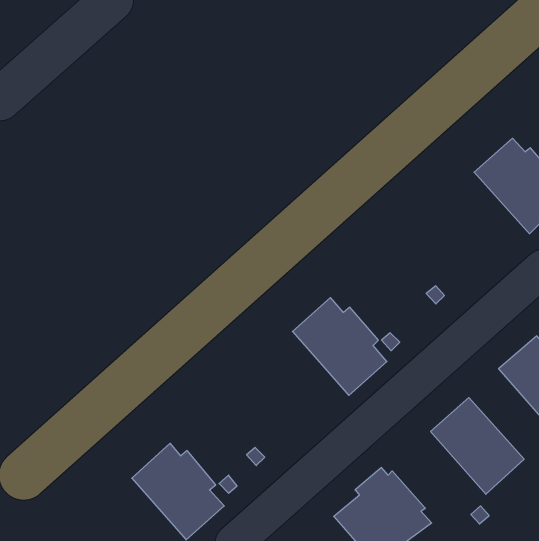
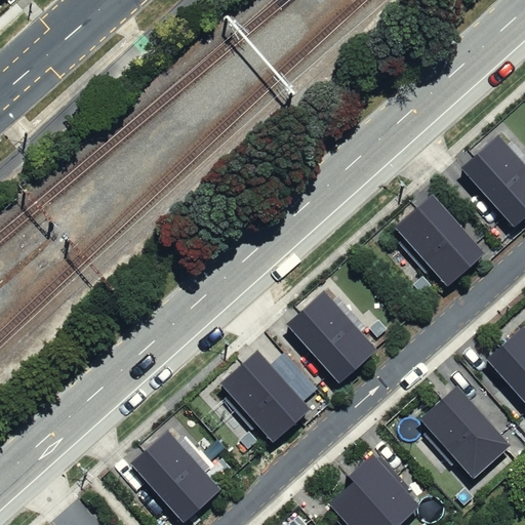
building: none -> [394,194,485,287]
building: none -> [219,350,311,443]

